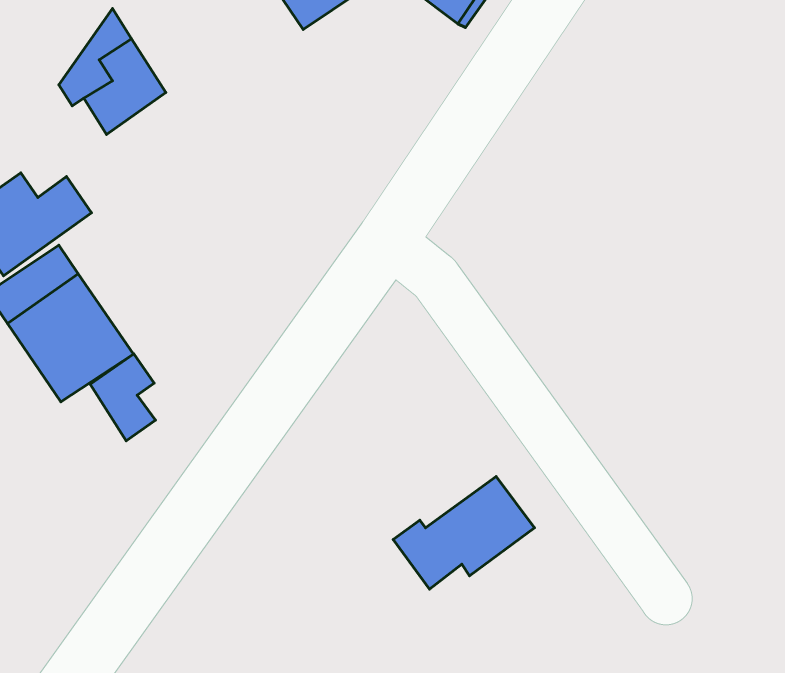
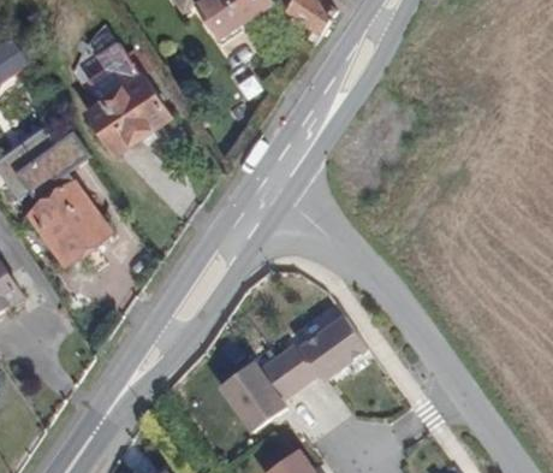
building: none -> [78,75,165,156]
building: [90,354,156,441] -> none
building: none -> [220,357,298,432]

